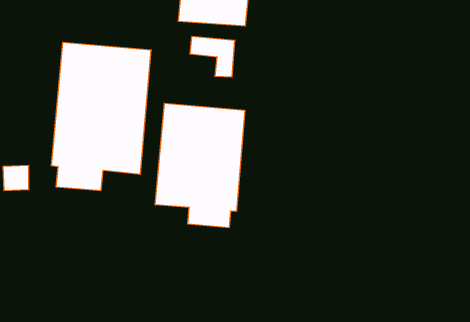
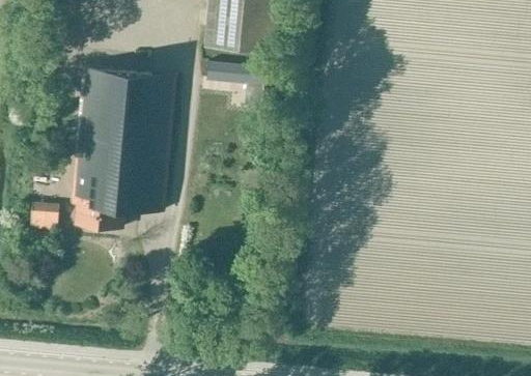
building: [155,103,245,228] -> none

